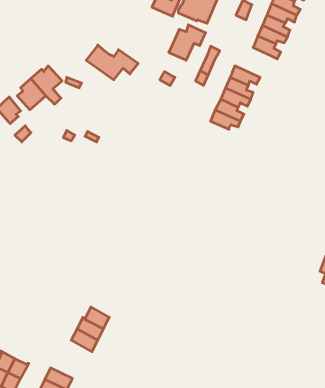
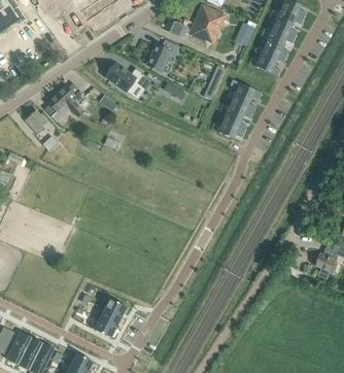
building: [169,25,206,60] -> [147,39,180,71]

